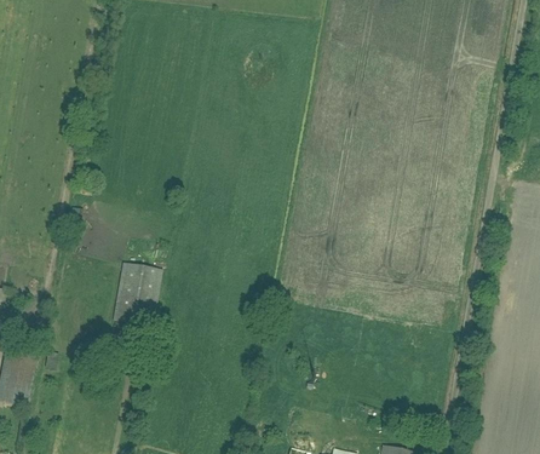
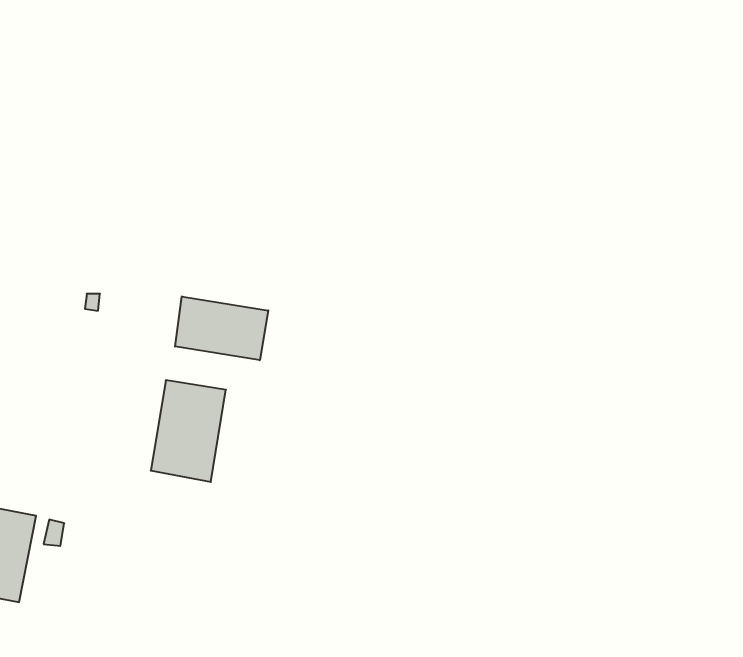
building: none -> [175,296,268,360]

